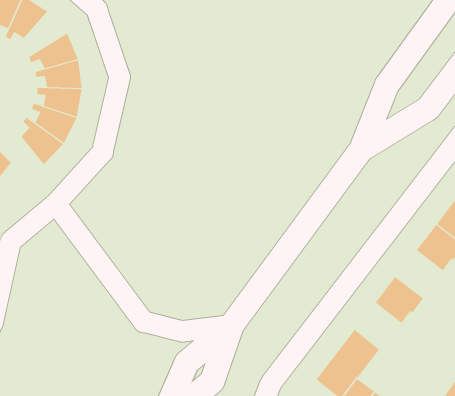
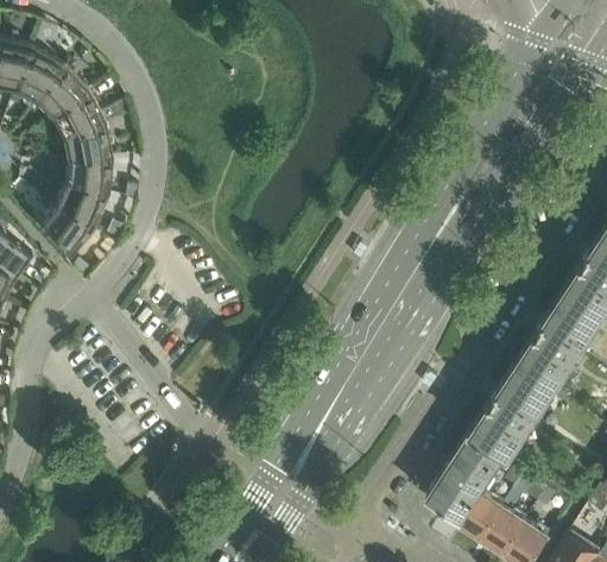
building: none -> [29,67,89,125]
building: none -> [518,329,577,389]
building: none -> [473,398,531,459]

